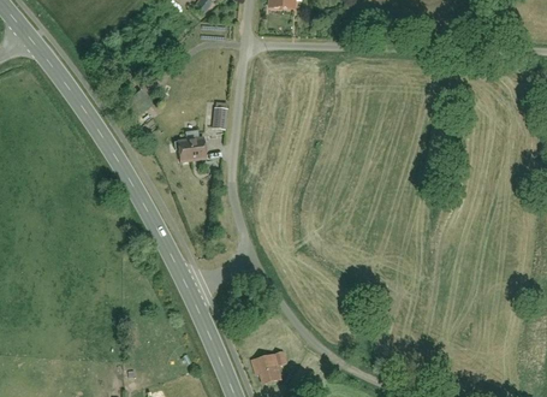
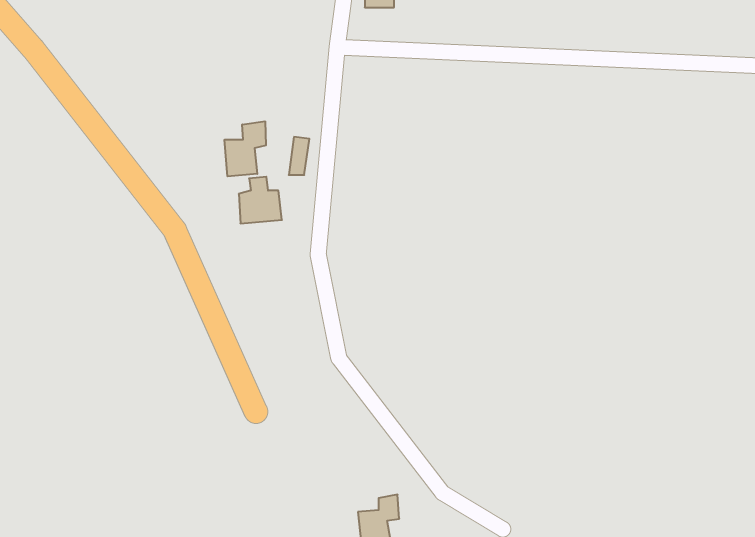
building: none -> [225,121,266,176]

